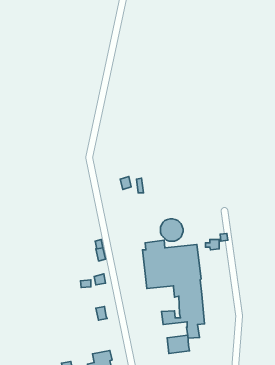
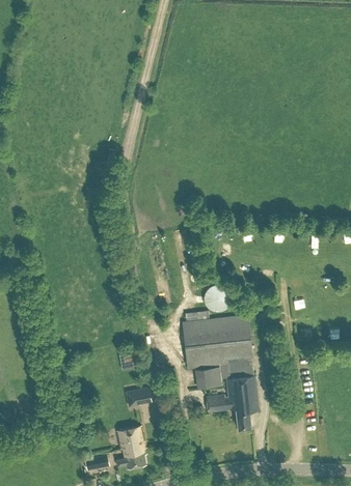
building: [167,335,190,353] -> [195,367,222,389]
building: none -> [116,427,143,449]

